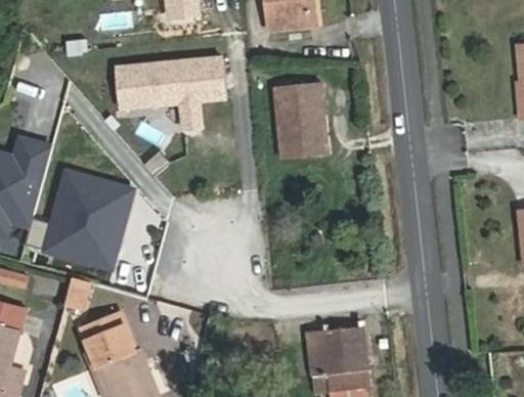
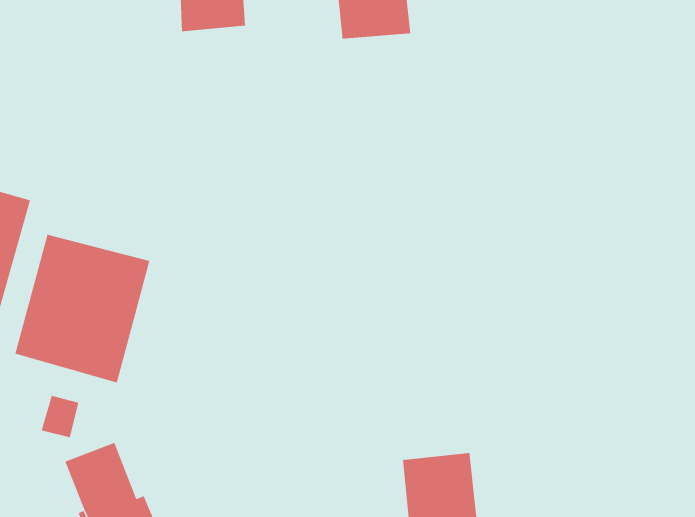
building: [115,53,228,131] -> none
building: [275,86,324,157] -> none

